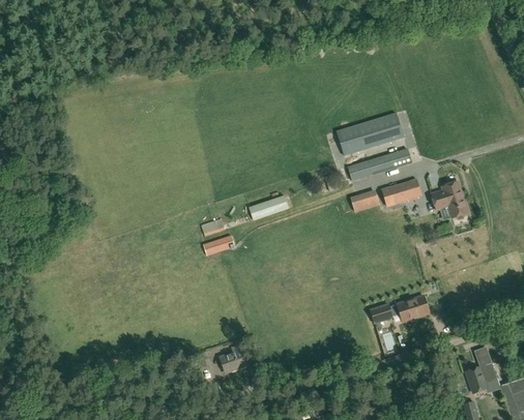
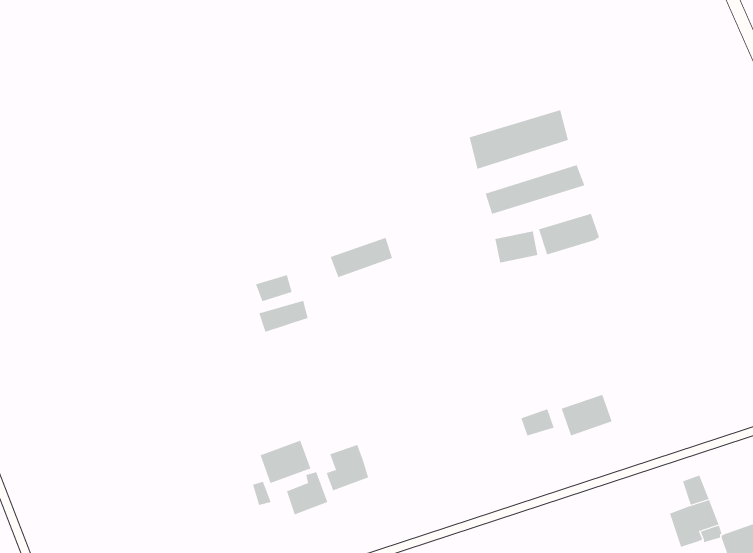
building: [431,181,468,217] -> none
building: none -> [260,440,311,484]
building: none -> [326,444,369,491]

